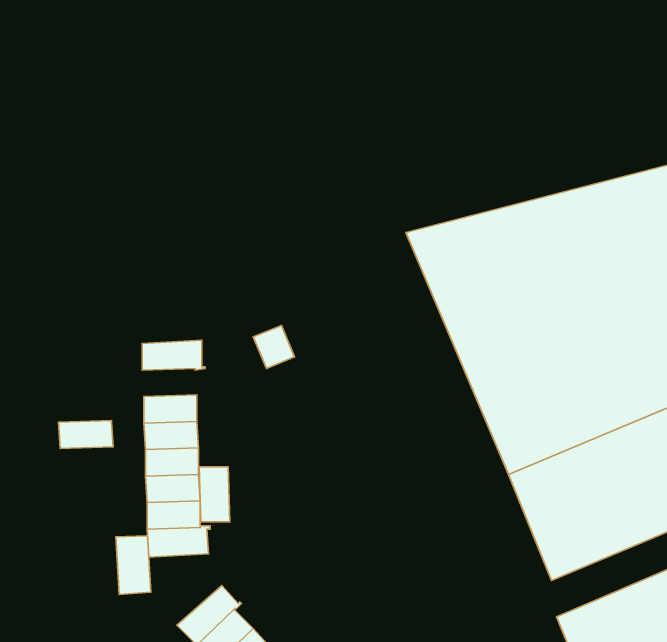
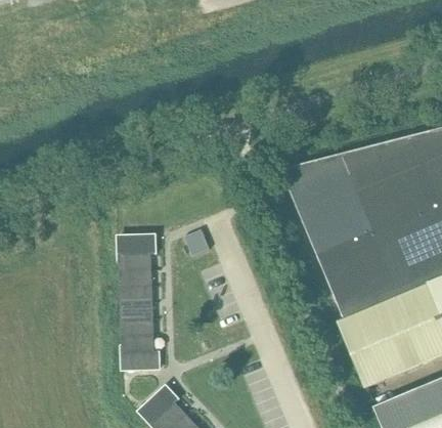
building: [58,420,113,449] -> [117,253,150,270]
building: [199,467,230,522] -> none
building: [116,534,151,594] -> none

